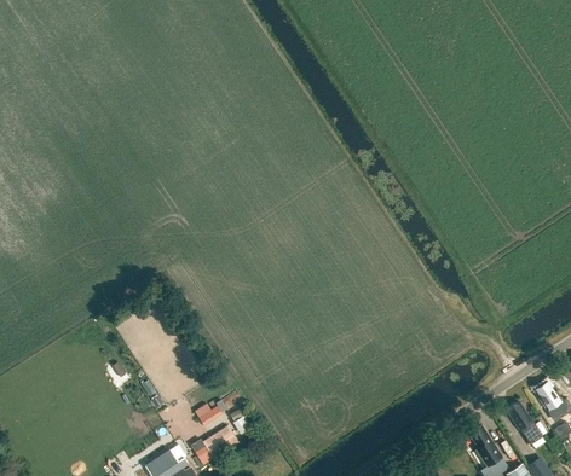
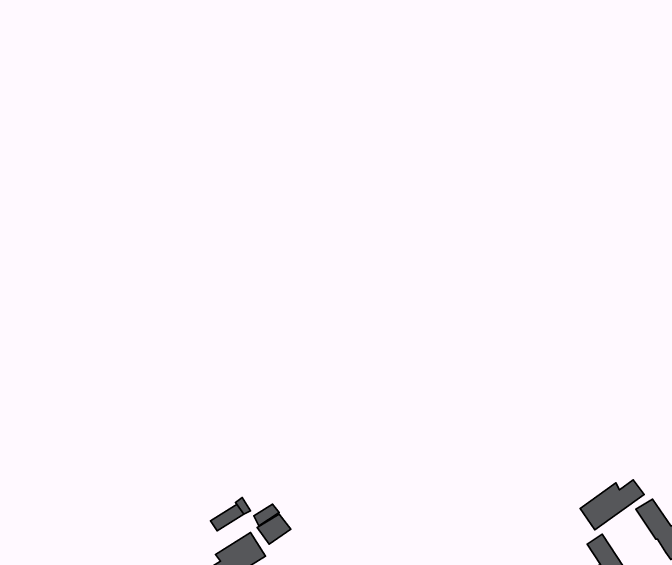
building: none -> [580,480,644,530]

